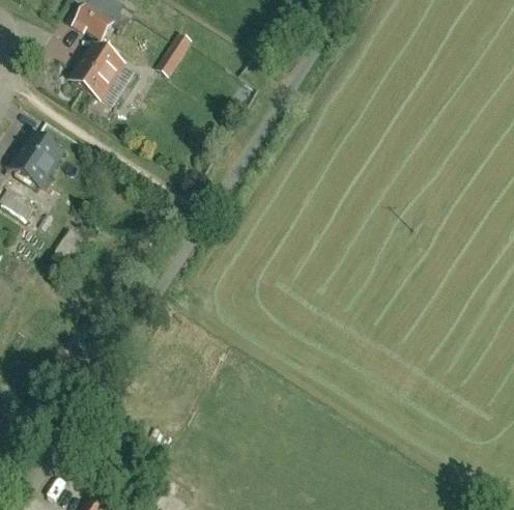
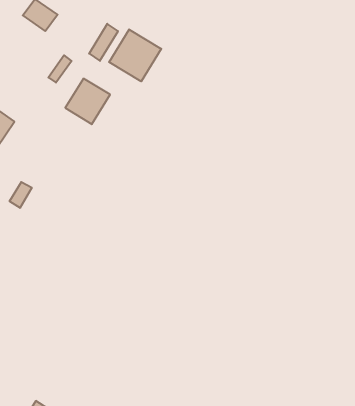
building: none -> [109,29,161,81]
building: [69,42,125,100] -> [65,79,110,124]

